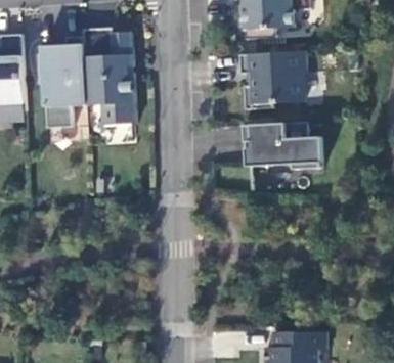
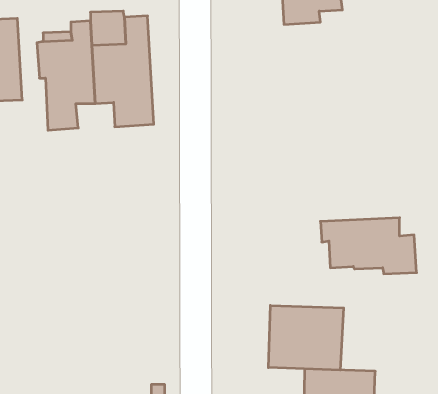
building: [239,52,306,110] -> none
building: [242,123,322,170] -> [320,218,417,274]
building: none -> [268,305,344,370]

